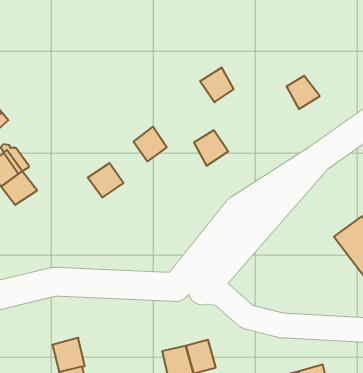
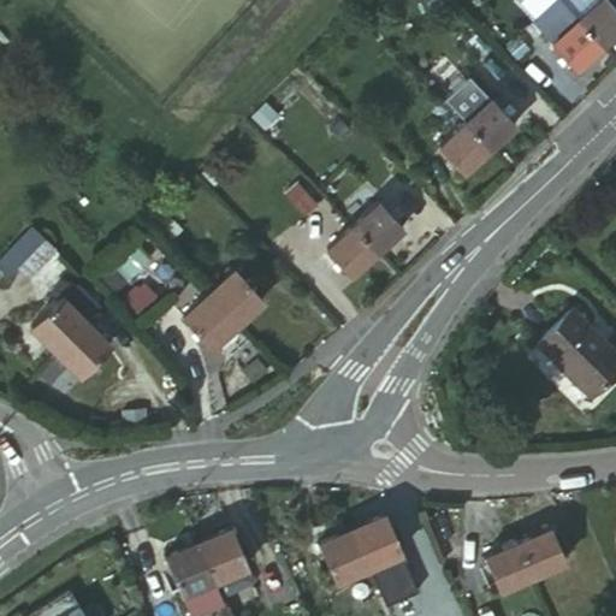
building: none -> [446,82,517,152]
building: [200,68,234,102] -> [348,200,397,250]
building: [134,127,167,161] -> [208,268,256,319]
building: none -> [203,534,250,586]

